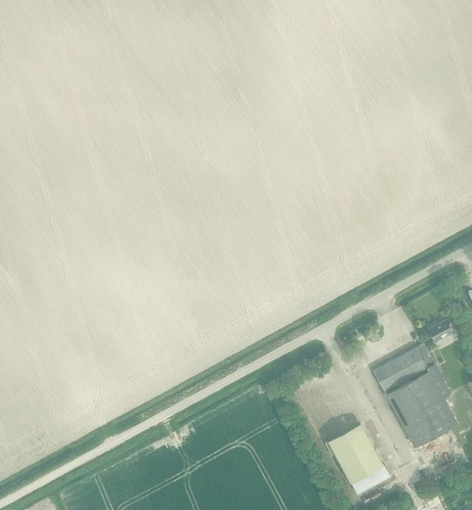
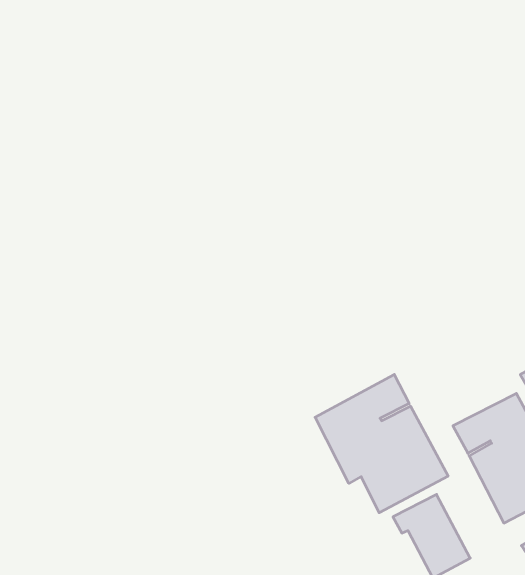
building: none -> [315,374,448,513]

